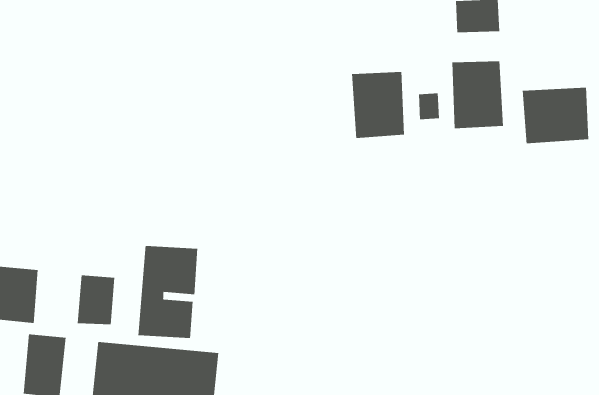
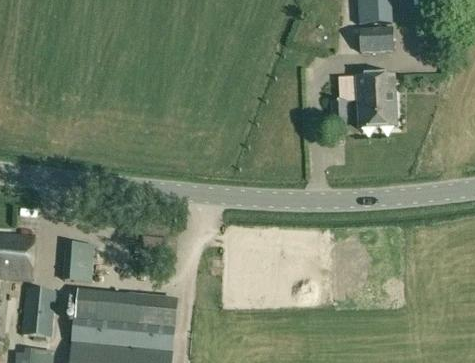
building: [352,71,404,139] -> none
building: [522,87,589,144] -> none
building: [138,245,198,339] -> none

